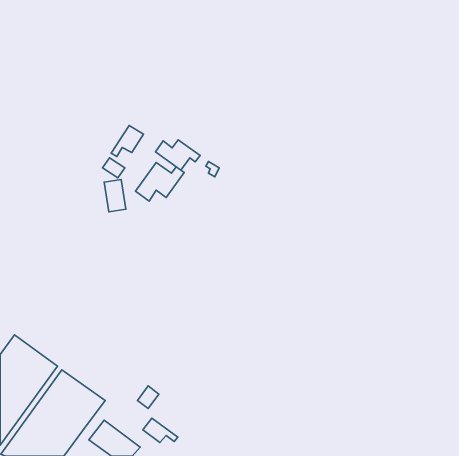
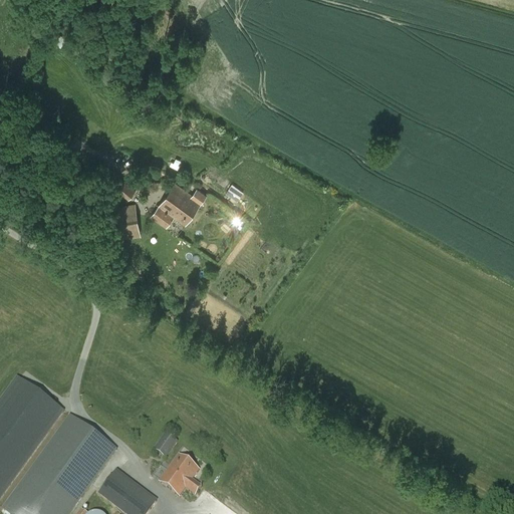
building: [111,125,144,157] -> none
building: [155,140,200,170] -> none
building: none -> [170,455,202,489]

